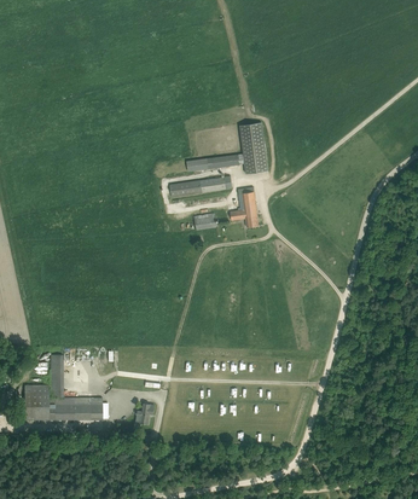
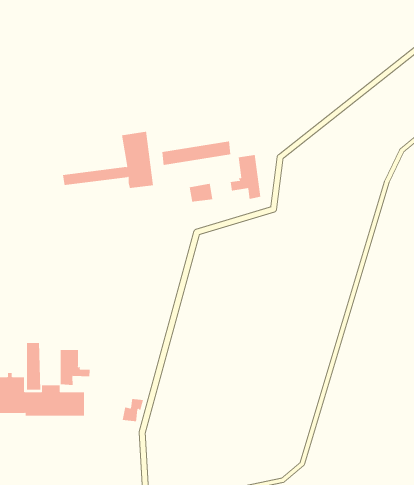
building: [187,122,268,173] -> [62,131,154,188]
building: none -> [60,349,90,386]

